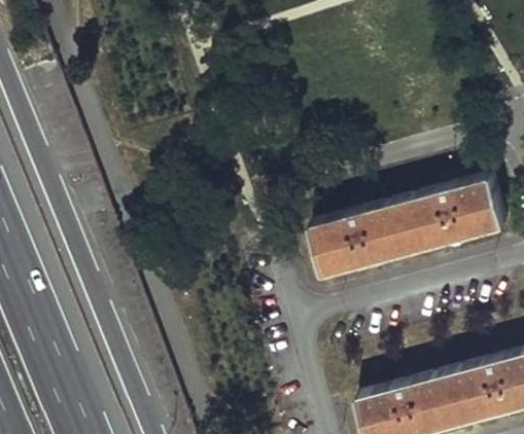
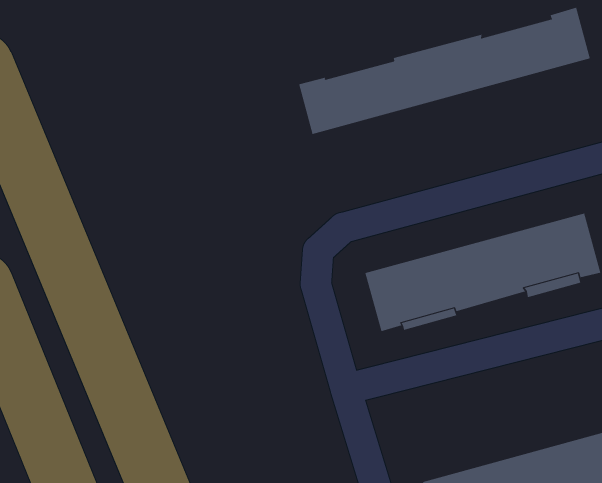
building: none -> [298,7,591,135]

